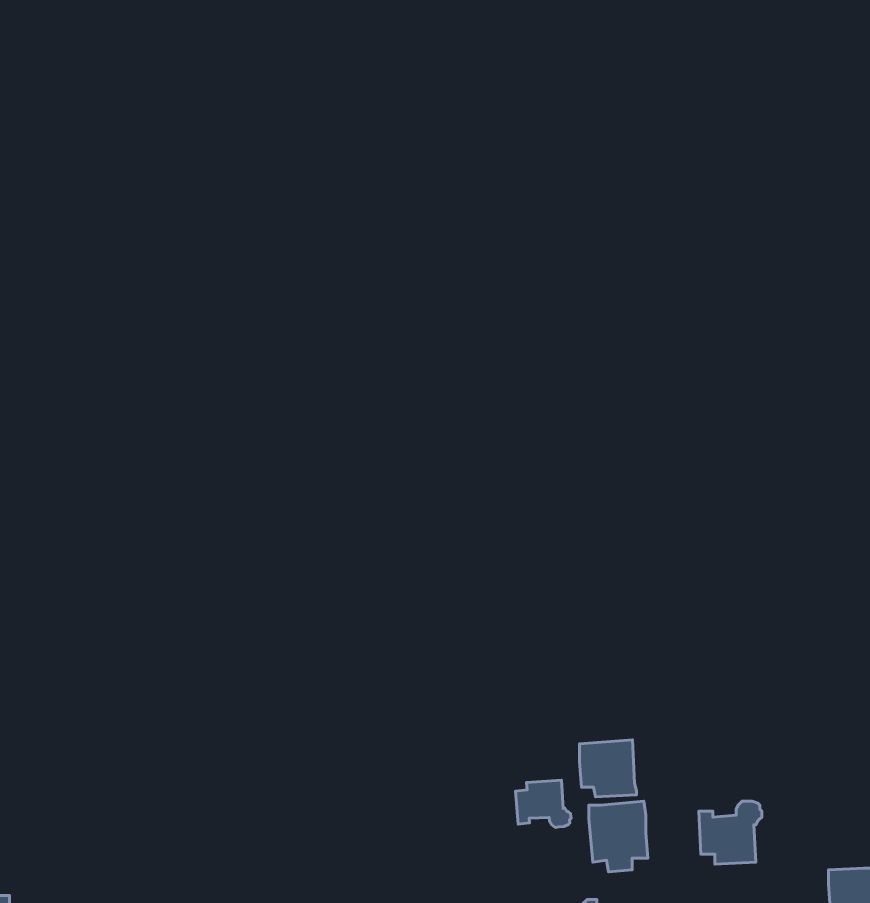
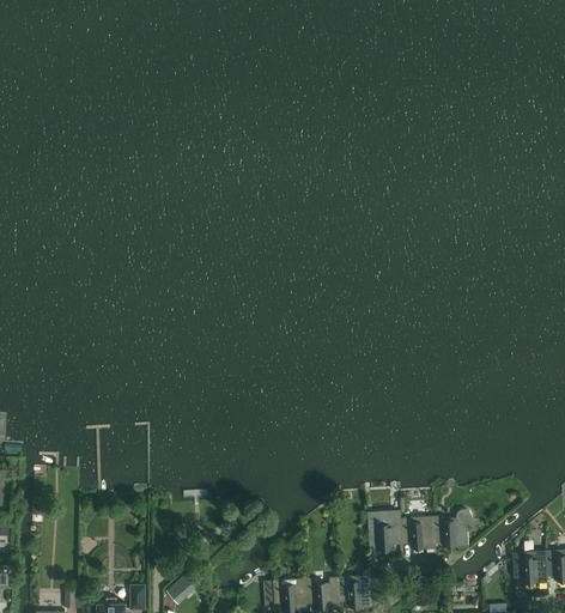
building: [580,740,637,797] -> [400,516,435,551]
building: [516,780,571,827] -> none

